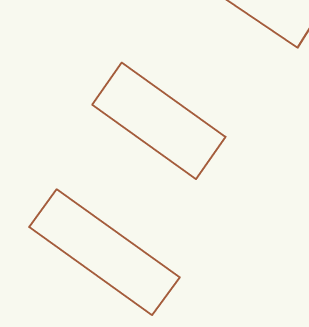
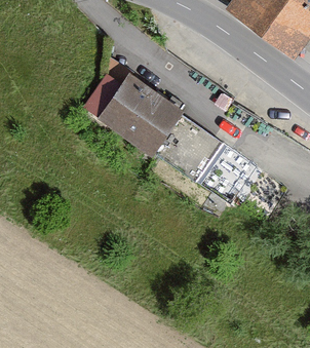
building: [29,189,180,315] -> none

